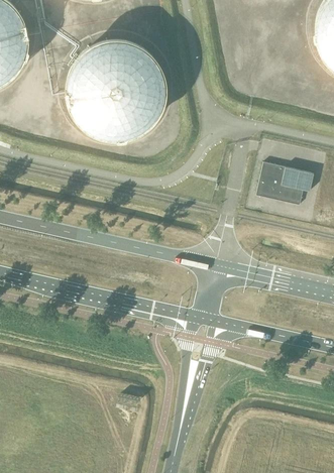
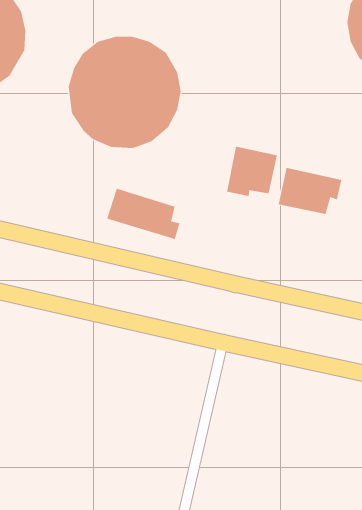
building: none -> [227,146,277,197]
building: none -> [107,188,180,240]

